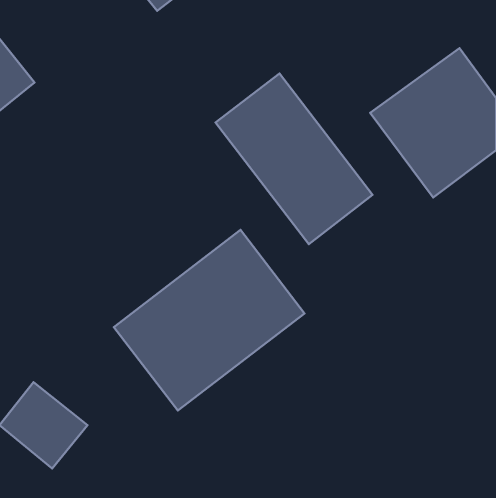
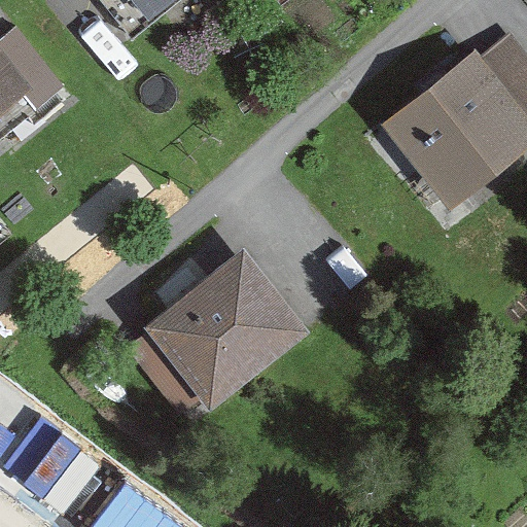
building: [216,73,373,244] -> none

